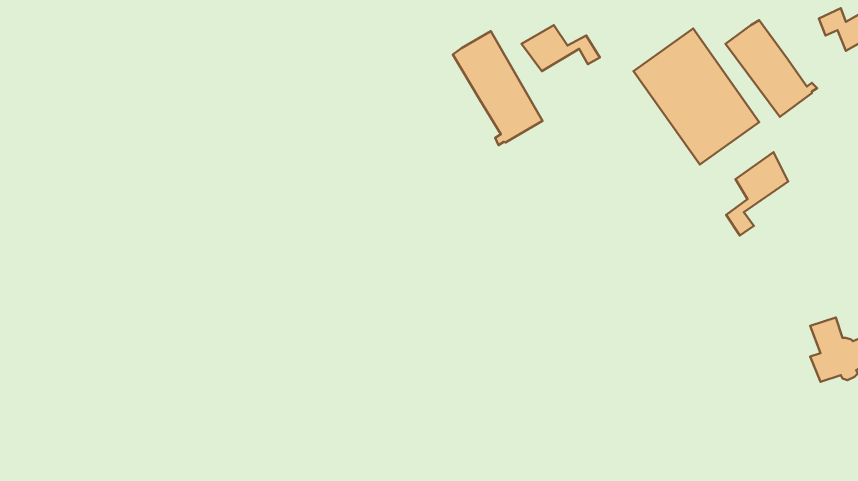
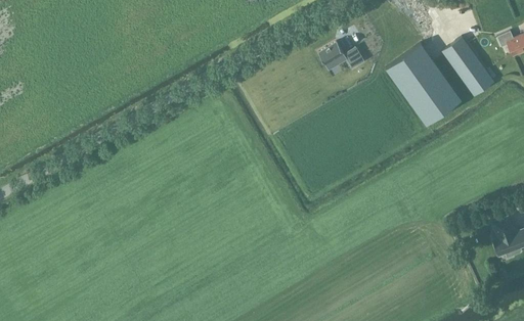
building: [453,31,543,145] -> none
building: [726,152,788,236] -> none

